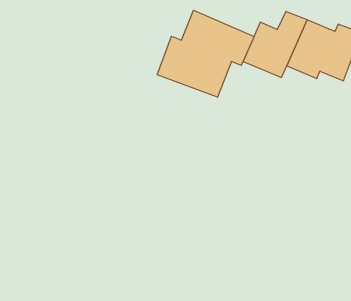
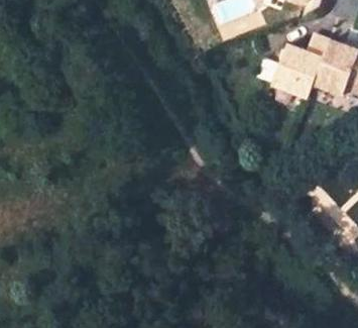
building: [157,10,254,97] -> none

